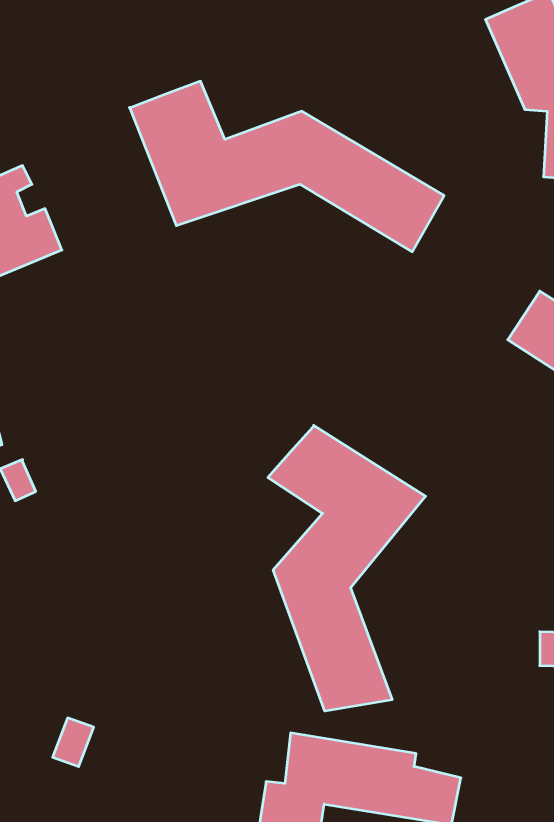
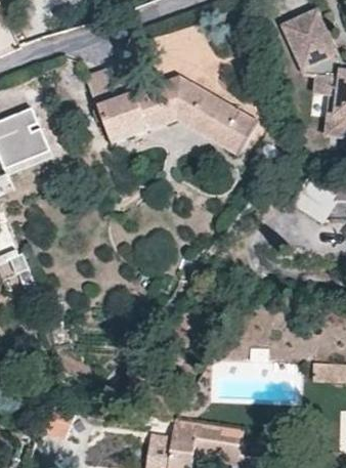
building: [268,425,426,711] -> none

